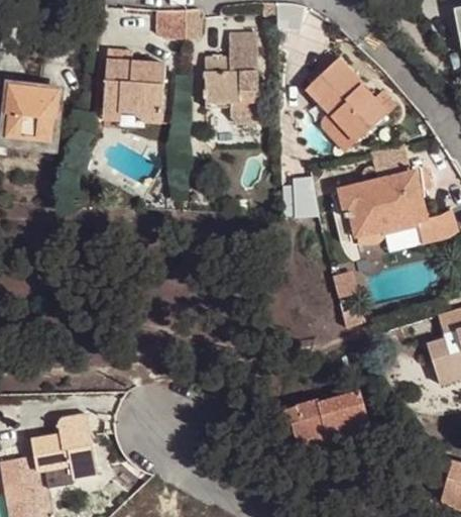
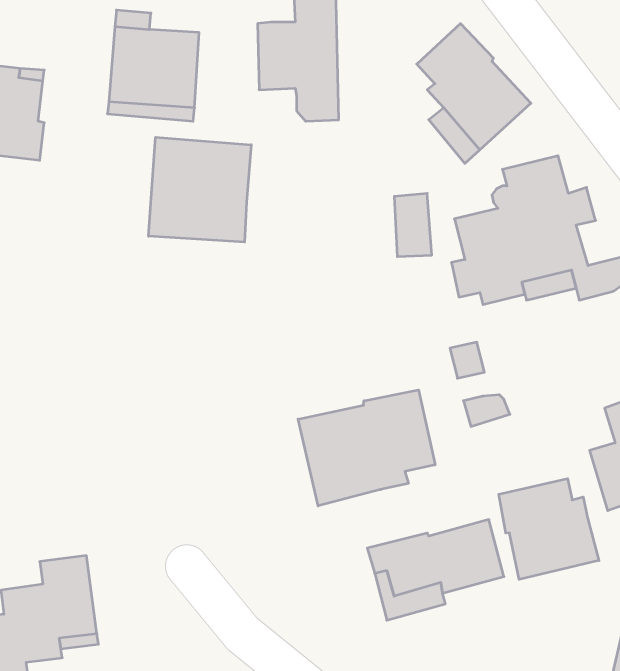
building: none -> [149,137,251,242]
building: none -> [298,390,435,506]
building: none -> [499,479,599,579]

